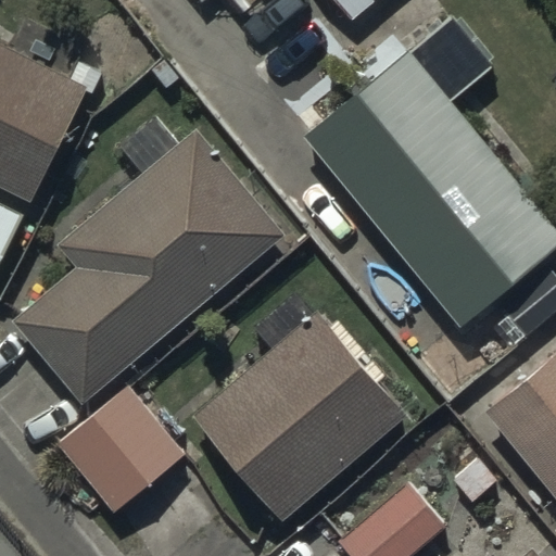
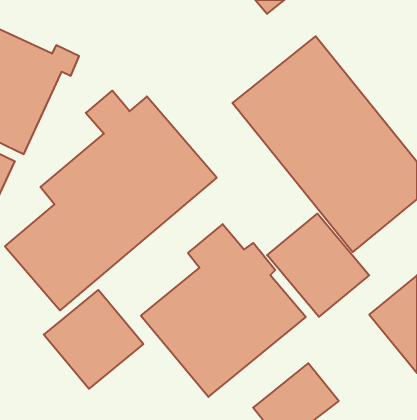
building: none -> [267,214,369,317]

